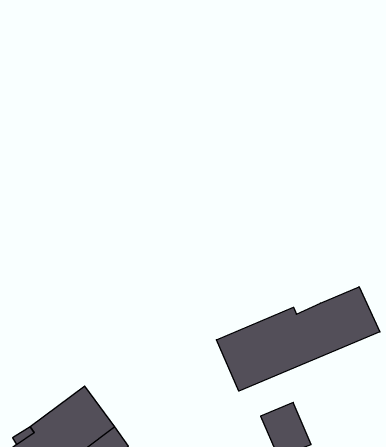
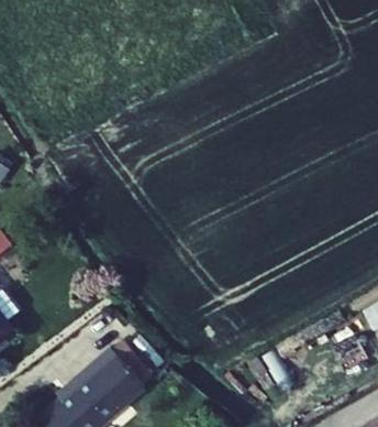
building: [216,287,380,391] -> none

